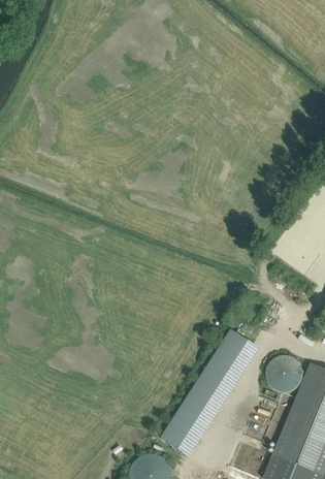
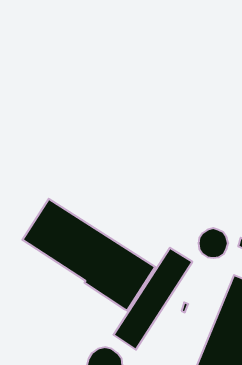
building: none -> [22,199,155,311]
building: [265,354,302,391] -> [198,228,228,258]

